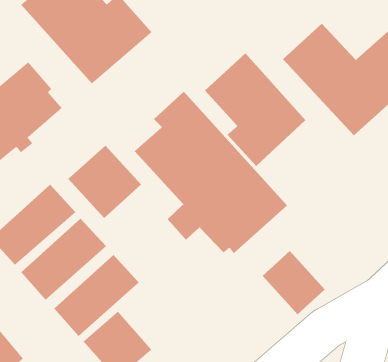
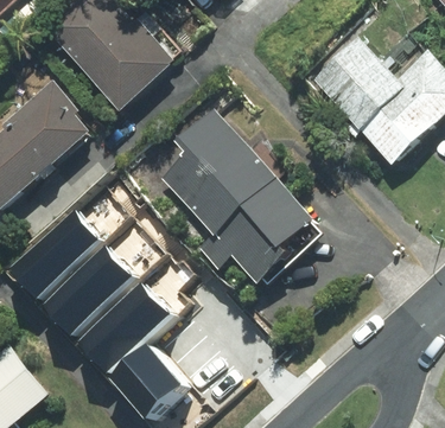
building: [204,53,306,167] -> none
building: [68,145,142,219] -> none
building: [262,250,325,315] -> none

